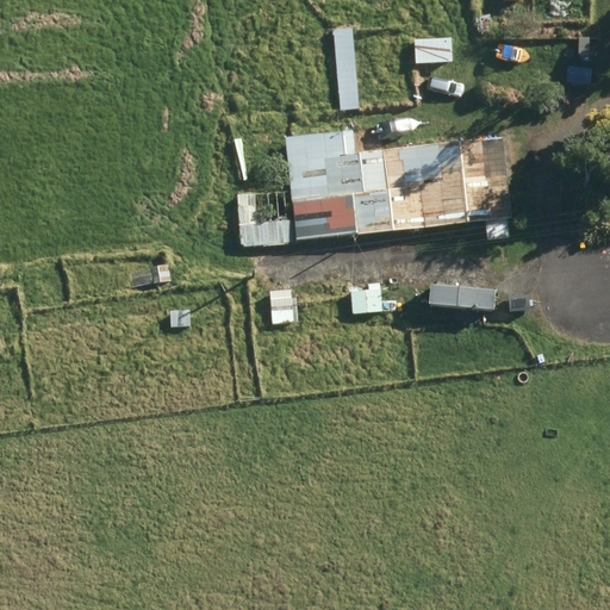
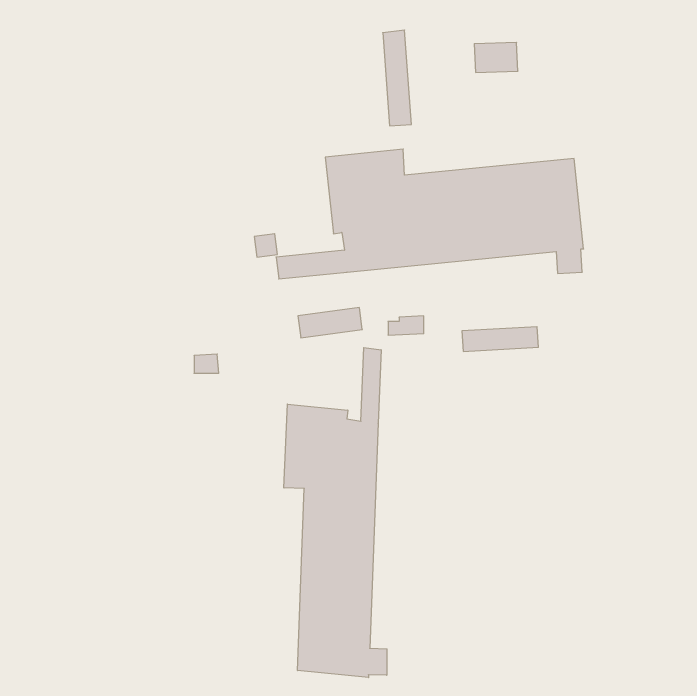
building: none -> [284,348,387,678]

